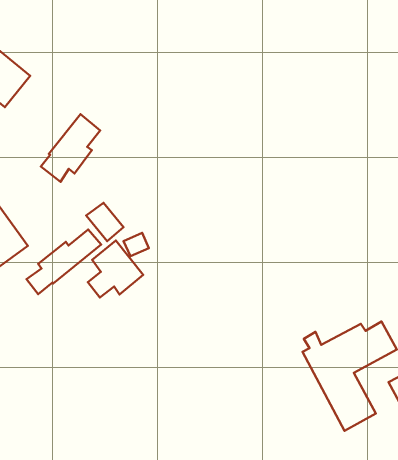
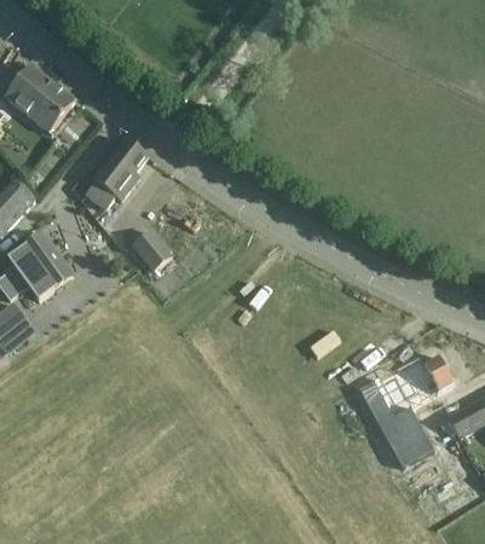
building: [27,230,101,294] -> none
building: [88,241,143,297] -> none

